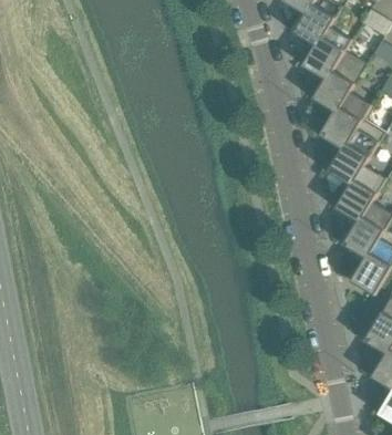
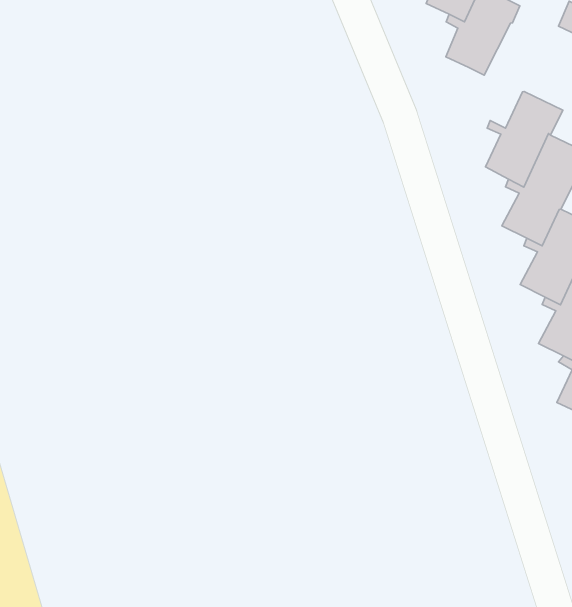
building: [312,50,365,113] -> none

